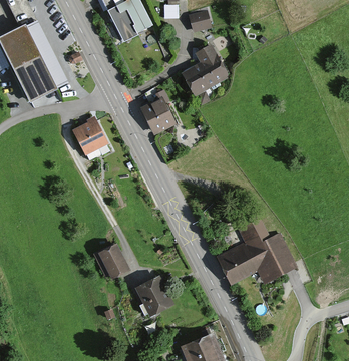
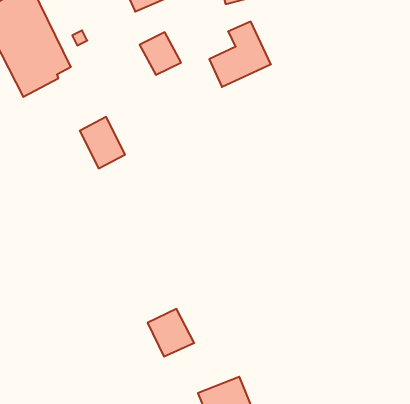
building: [142,101,176,135] -> [140,32,181,75]
building: [216,213,293,282] -> none
building: [95,244,127,280] -> none

